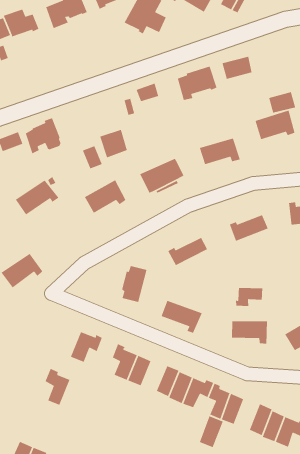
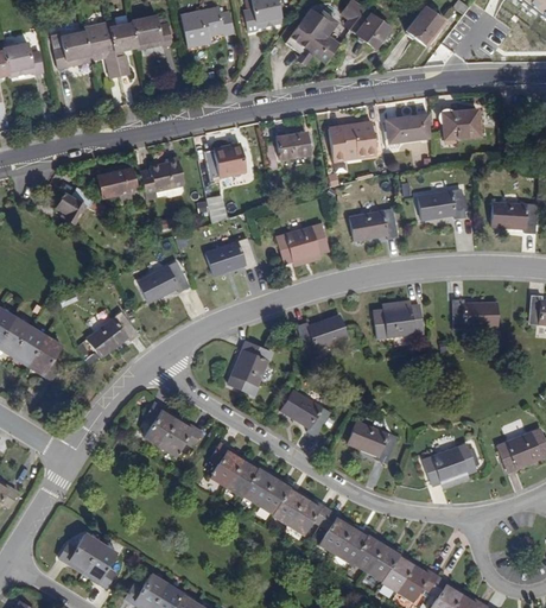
building: [268,91,296,113] -> [444,103,476,127]
building: [99,129,128,158] -> [217,141,249,175]
building: [15,179,59,216] -> [139,264,193,304]
building: [235,287,263,307] -> none
building: none -> [236,464,271,504]
building: [44,368,71,406] -> [140,399,172,446]
building: [199,415,224,448] -> [342,527,376,568]

